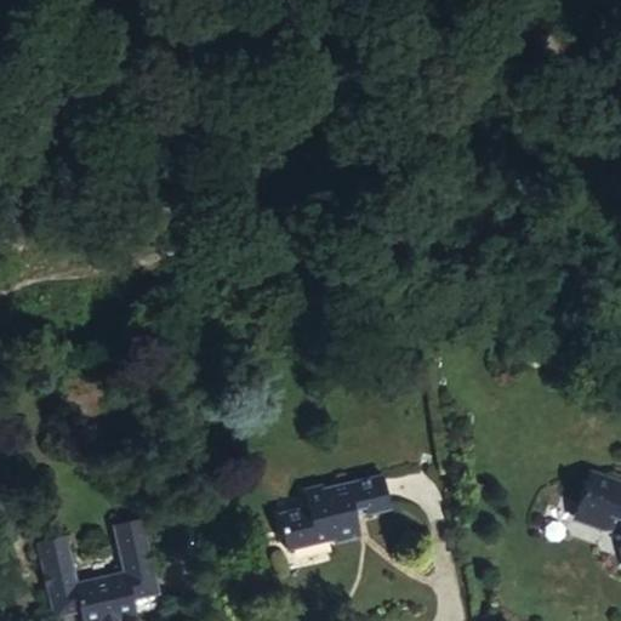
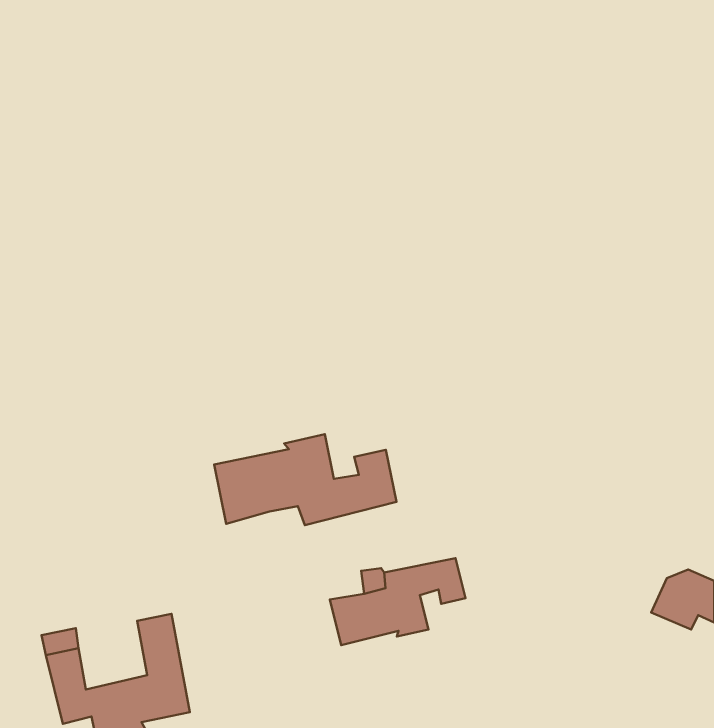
building: none -> [214,434,396,525]

